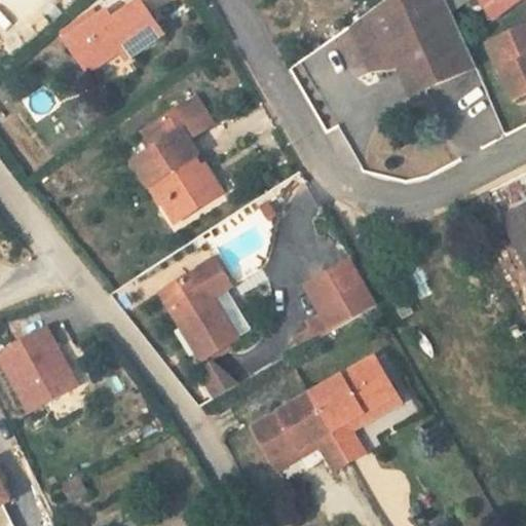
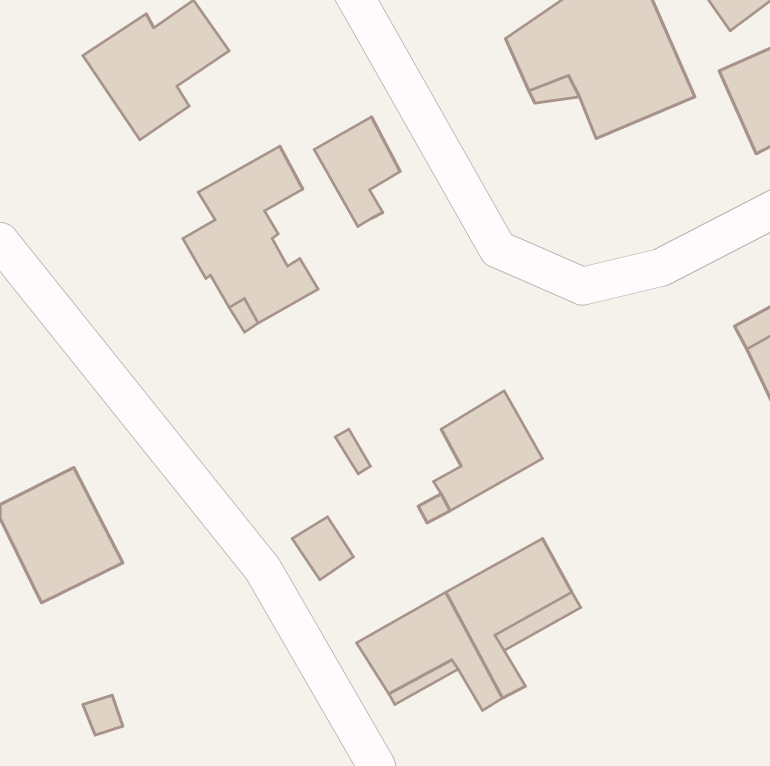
building: none -> [314,117,400,226]
building: [159,259,235,360] -> none

